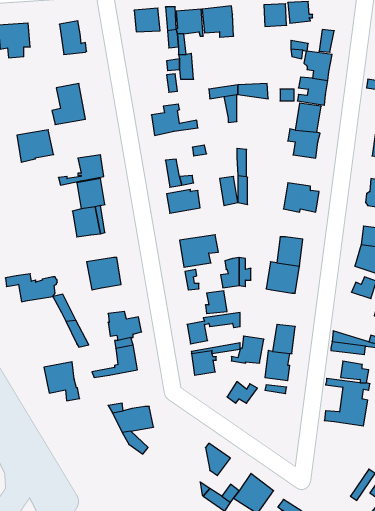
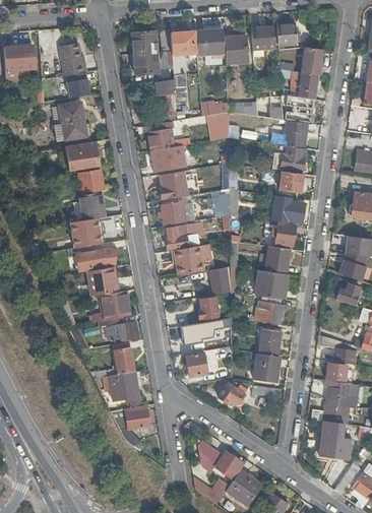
building: none -> [224,36,247,64]
building: none -> [133,52,158,73]
building: none -> [65,72,88,98]
building: [17,130,54,162] -> [64,140,99,171]
building: none -> [150,146,181,172]
building: none -> [271,169,302,192]
building: none -> [271,222,295,249]
building: none -> [166,223,199,249]
building: [5,274,57,302] -> [67,244,116,270]
building: none -> [92,290,127,321]
building: [231,336,264,363] -> [249,296,280,321]
building: [44,362,80,401] -> [108,371,141,407]
building: none -> [318,420,350,458]
building: none -> [209,451,243,477]

